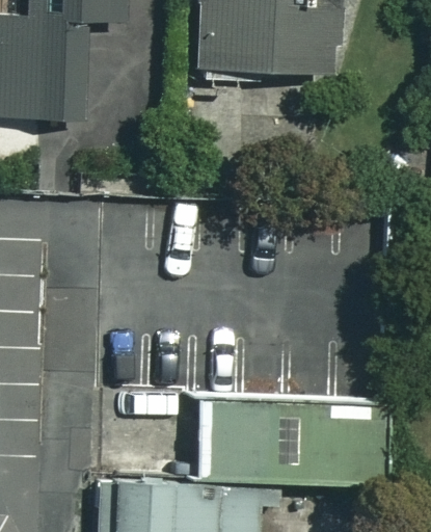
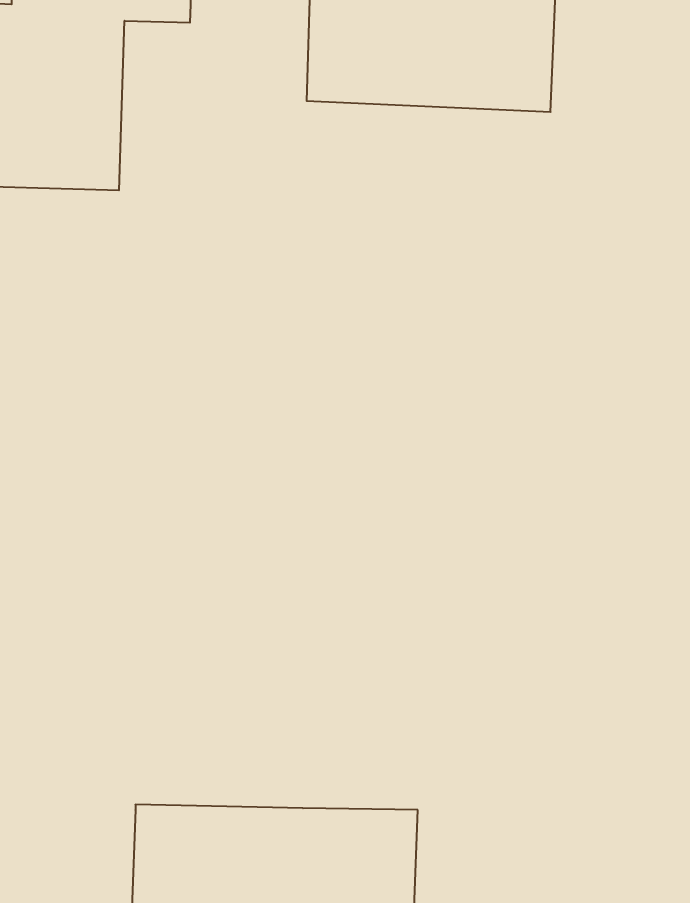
building: [196,395,390,478] -> none

